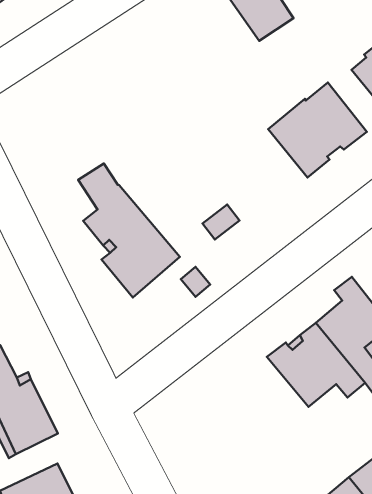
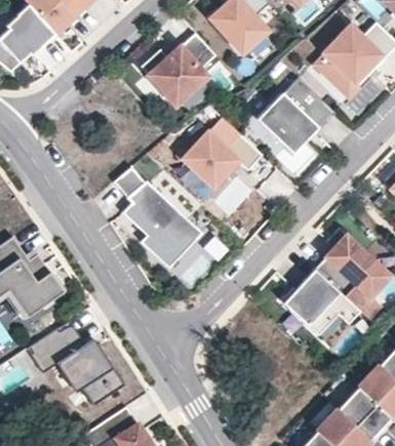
building: none -> [142,33,216,106]
building: none -> [184,132,263,186]

